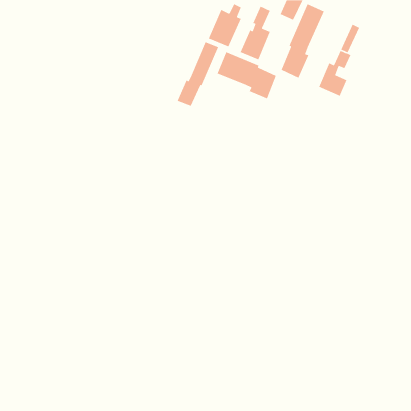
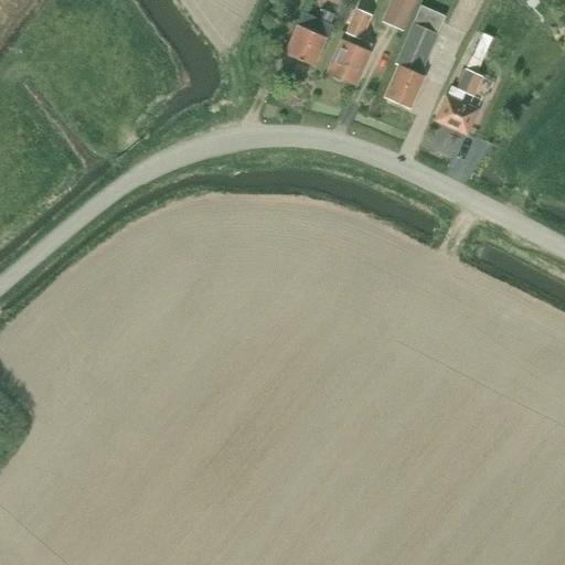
building: [176,41,219,107] -> none
building: [216,51,277,100] -> none

